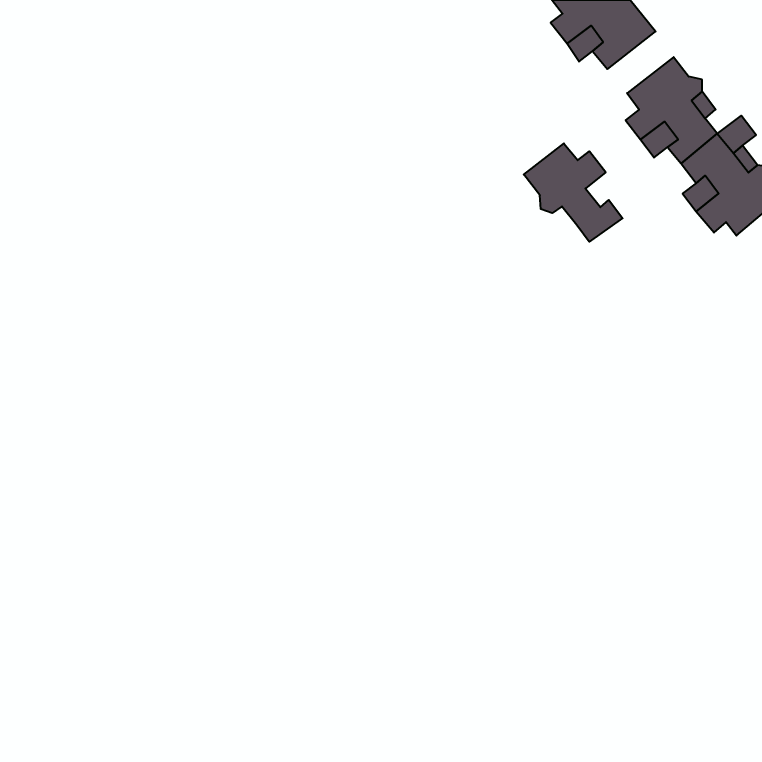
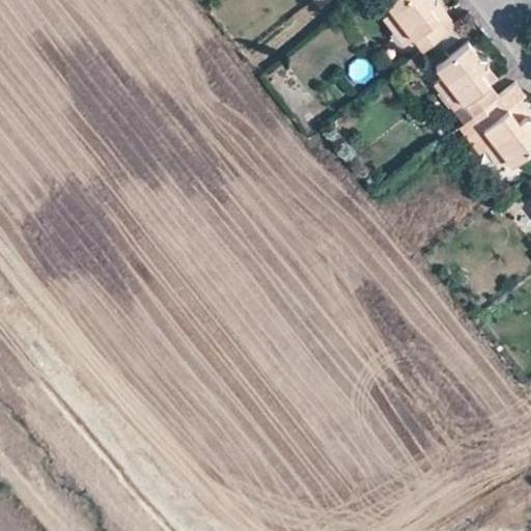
building: [524,143,623,242] -> none

